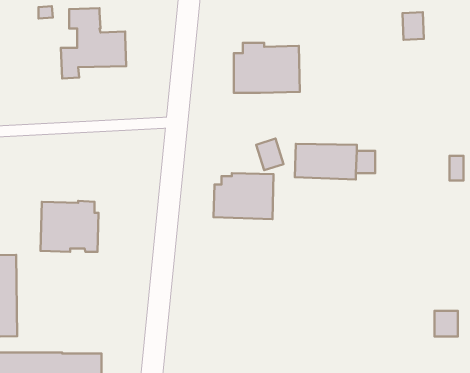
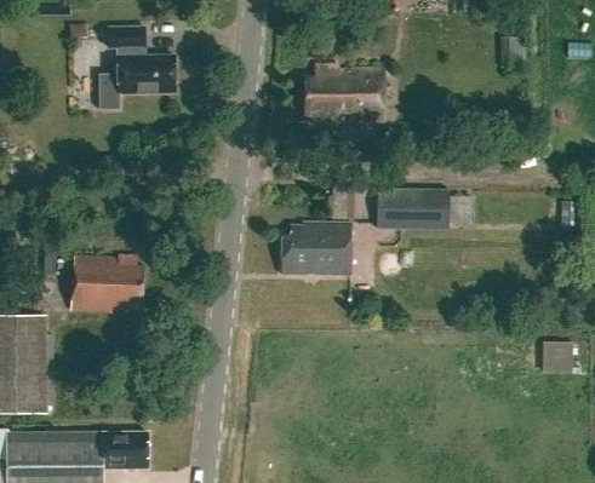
building: [434,311,458,336] -> [544,340,572,370]

